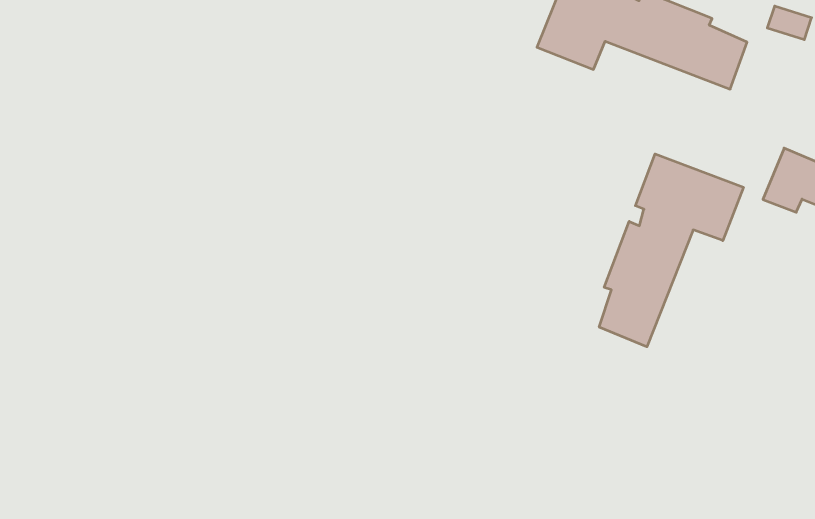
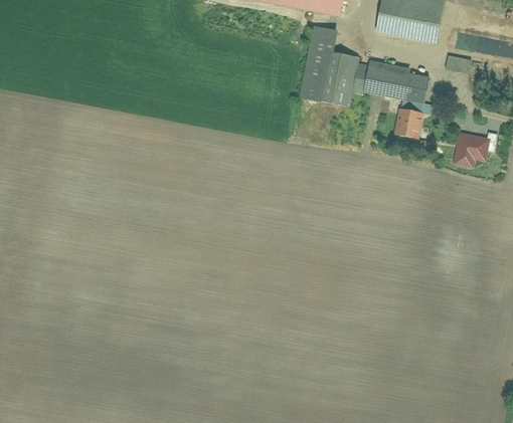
building: none -> [392,109,422,138]
building: [599,154,743,347] -> none

